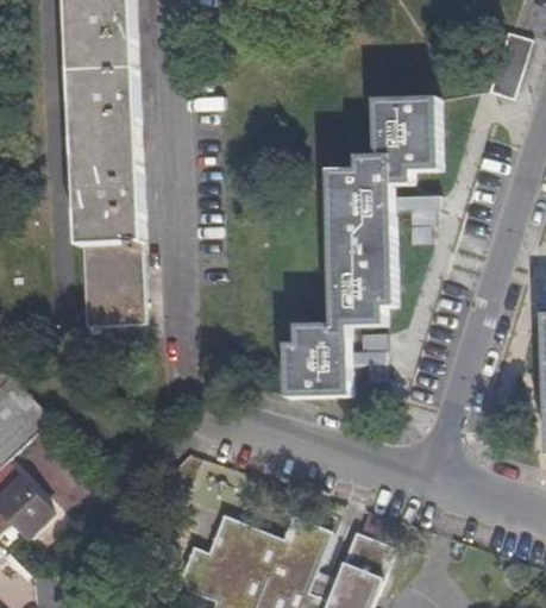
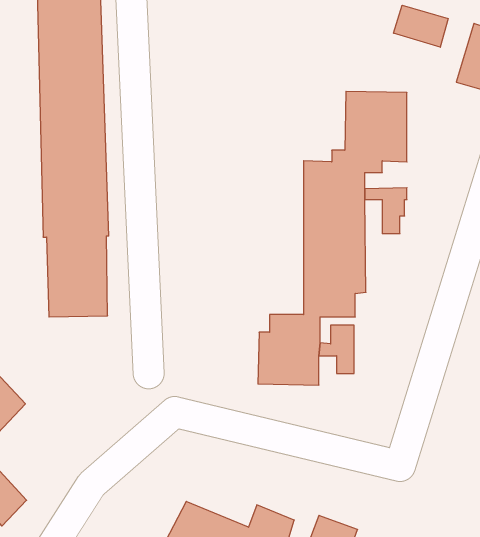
building: none -> [394,5,448,47]

